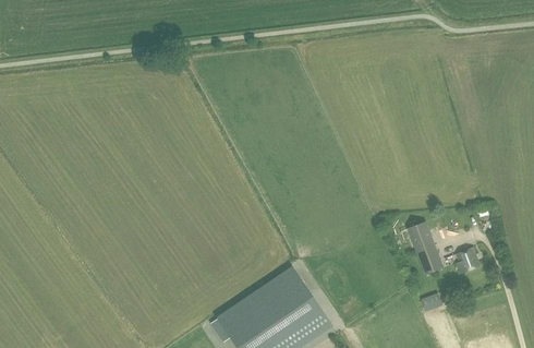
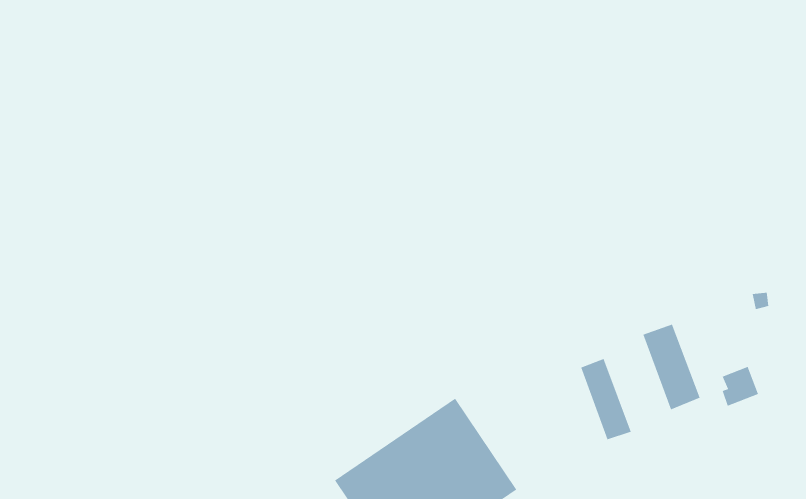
building: none -> [580,358,631,440]

